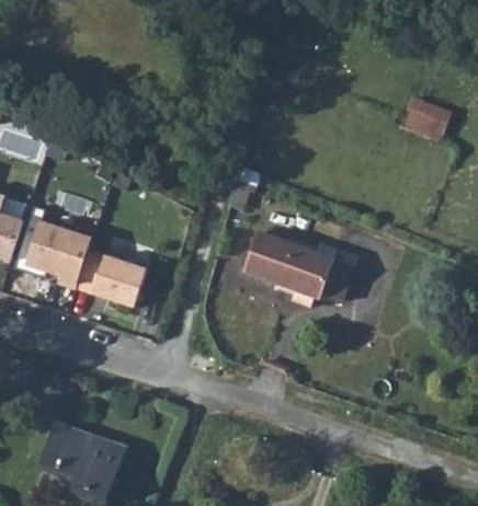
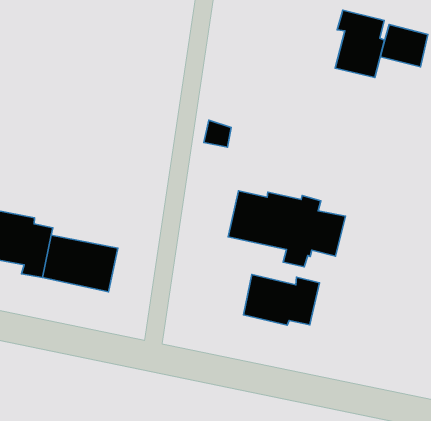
building: none -> [335,10,385,77]
building: none -> [244,275,320,325]

